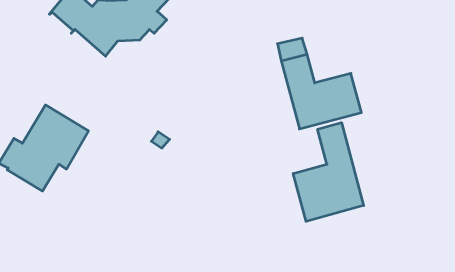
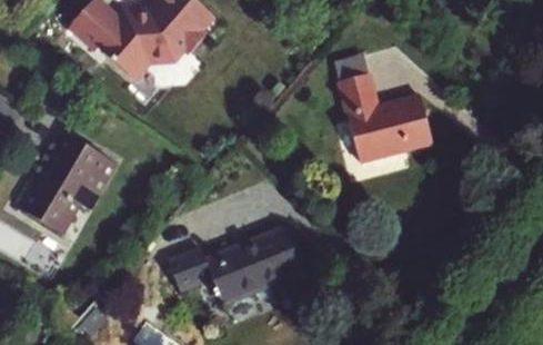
building: [293,123,364,221] -> none
building: none -> [169,227,303,304]

